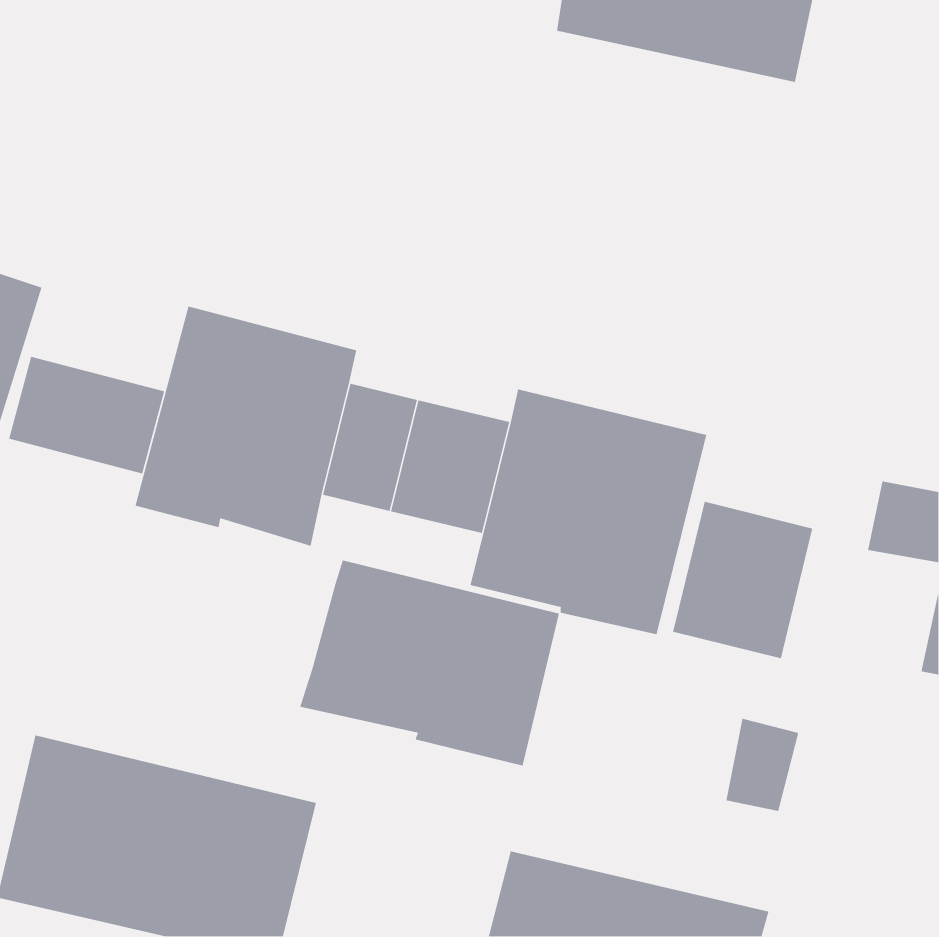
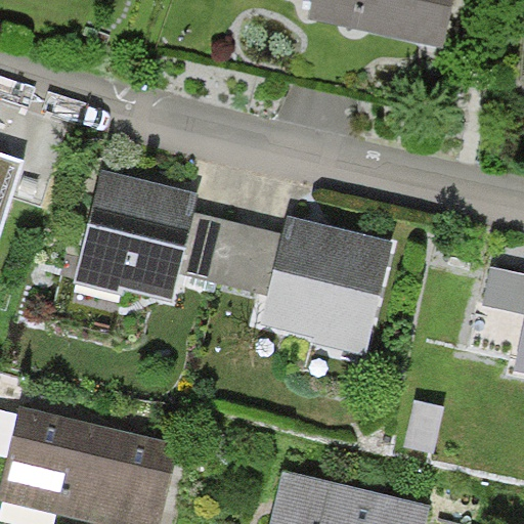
building: [8,356,165,474] -> none
building: [672,501,813,659] -> none
building: [299,560,560,766] -> none

